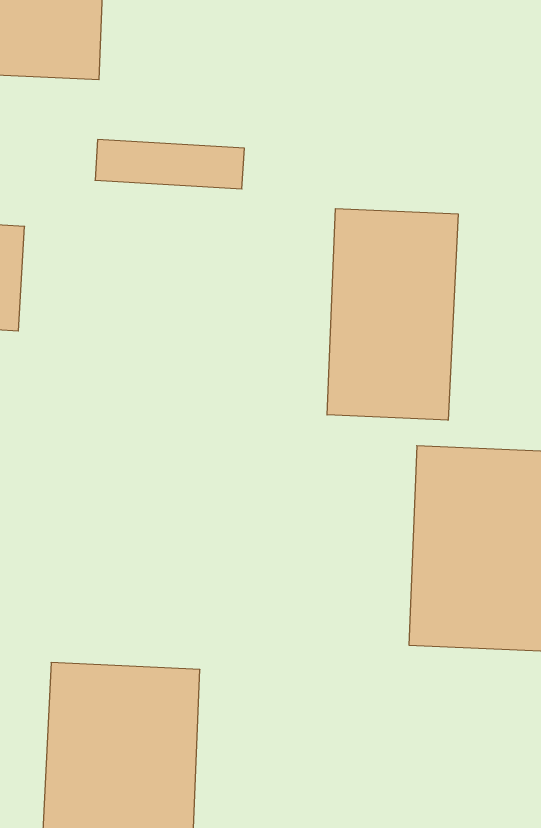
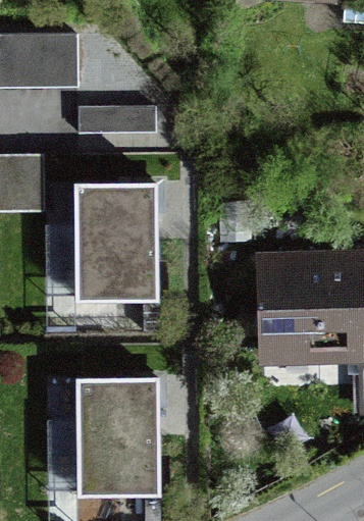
building: [327,209,458,420] -> none
building: none -> [73,188,153,304]

